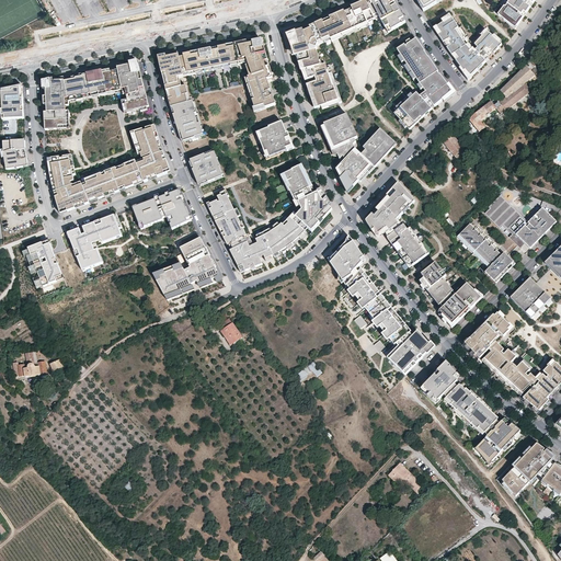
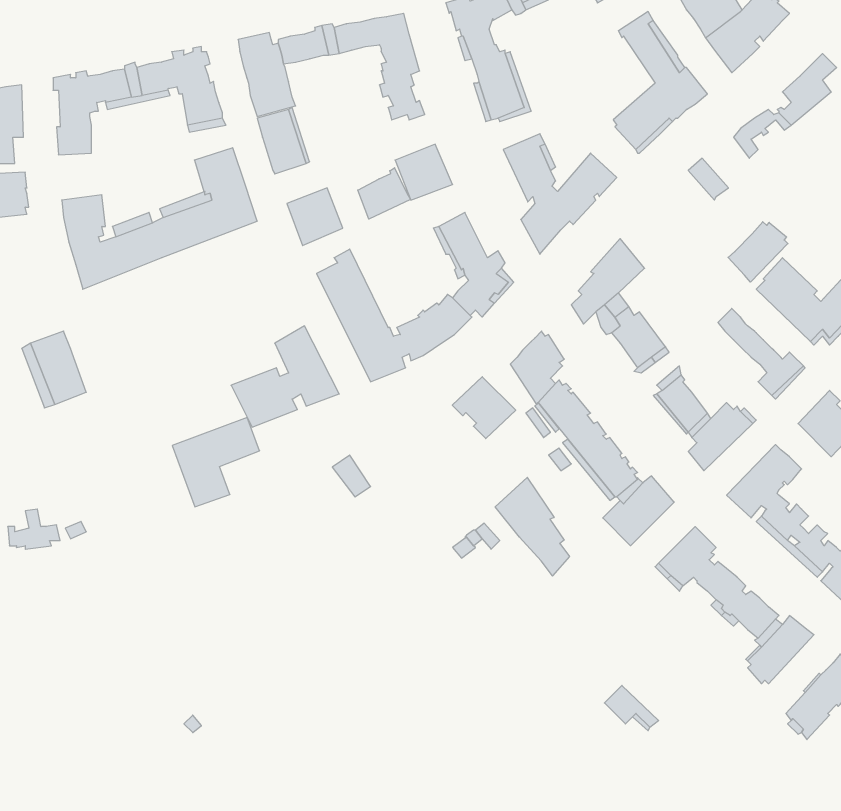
building: none -> [358,168,411,219]
building: none -> [728,222,788,282]
building: [133,190,191,228] -> none
building: [72,215,127,271] -> [172,418,260,507]
building: none -> [452,377,516,439]
building: none -> [495,477,569,576]

